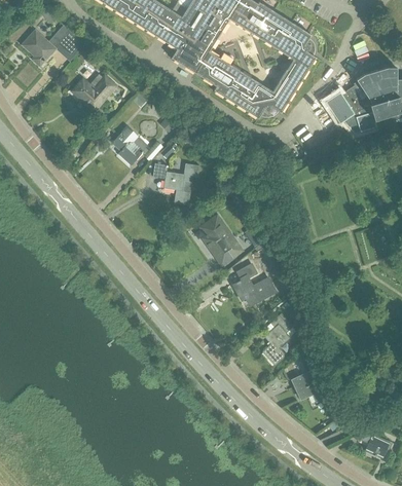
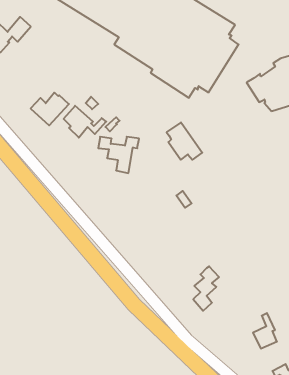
building: [71,72,115,110] -> [31,93,69,125]
building: [199,215,241,258] -> [167,122,202,160]
building: [231,263,275,307] -> none
building: [291,357,319,398] -> [253,313,277,349]

